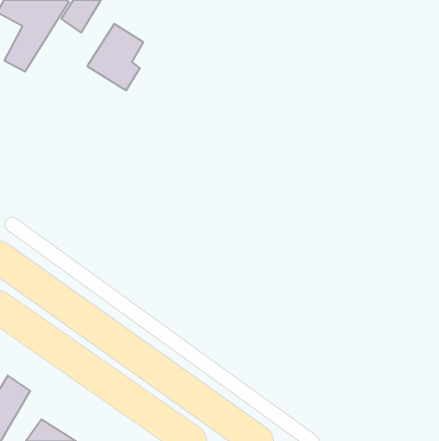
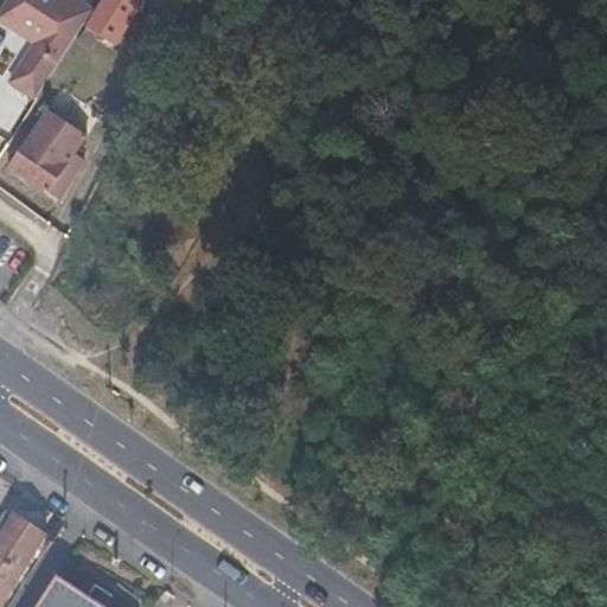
building: [87,24,143,90] -> [7,110,84,202]

